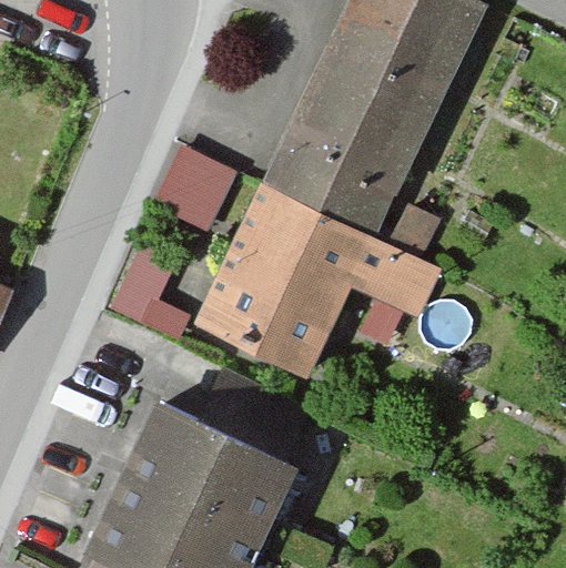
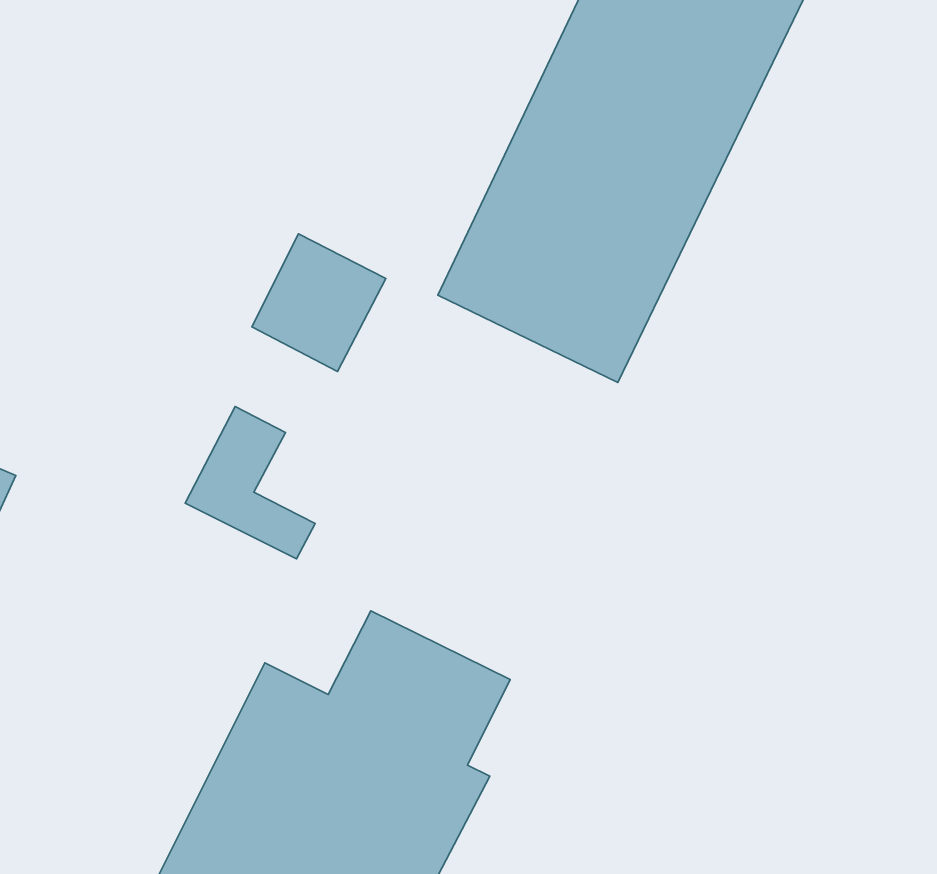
building: [196,184,441,377] -> none

